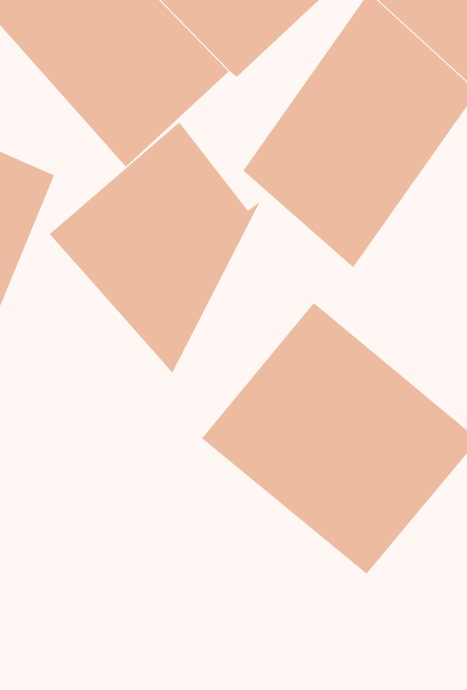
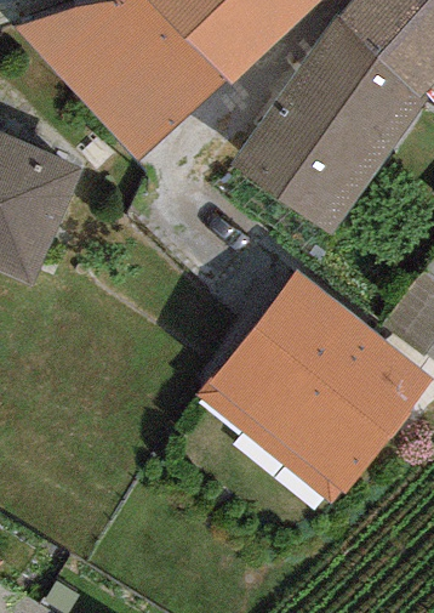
building: [49,122,261,373] -> none

